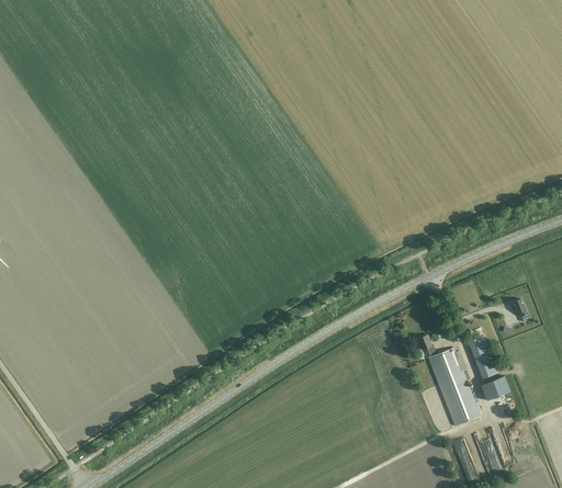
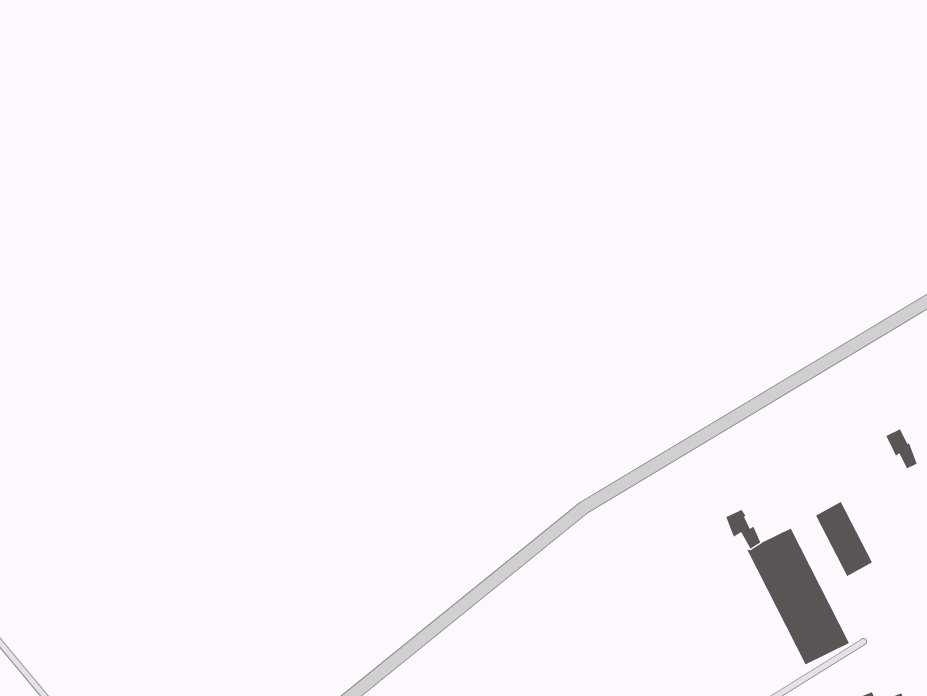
building: [480,375,509,400] -> none

